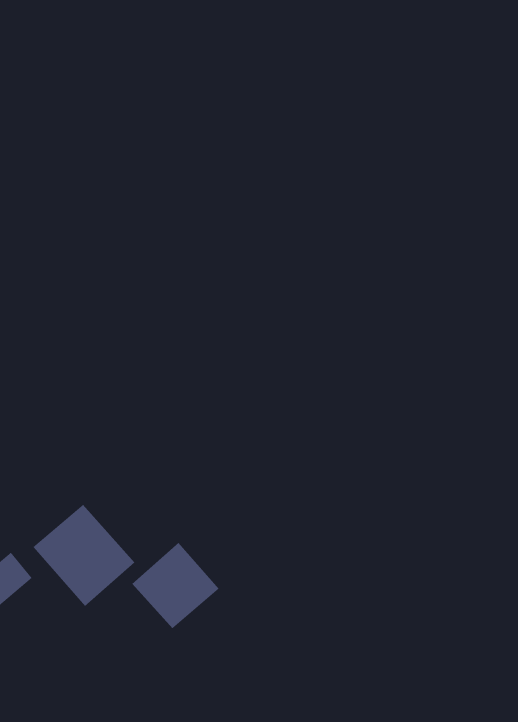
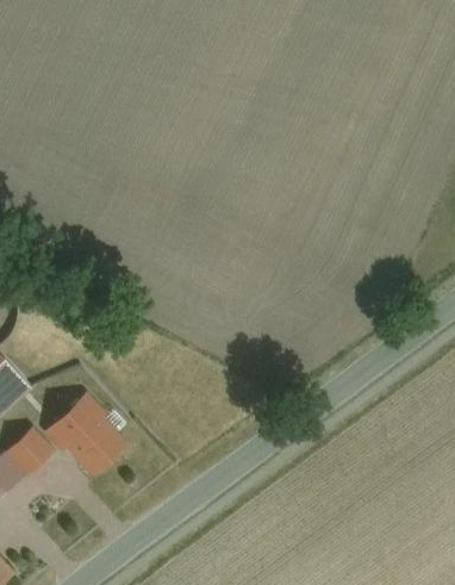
building: [131,542,219,629] -> none

